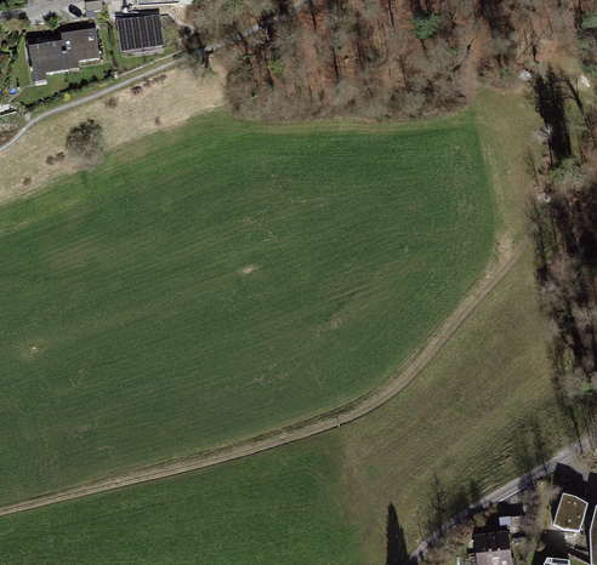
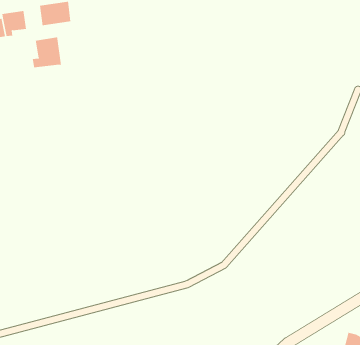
building: none -> [32,37,61,68]

